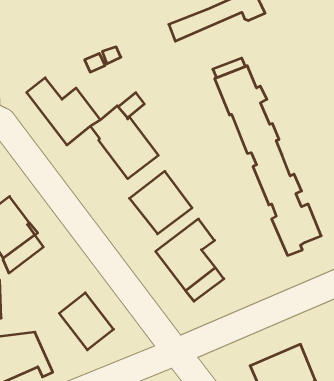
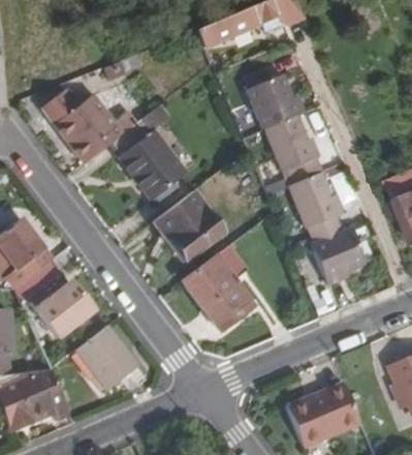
building: none -> [32,282,91,336]

